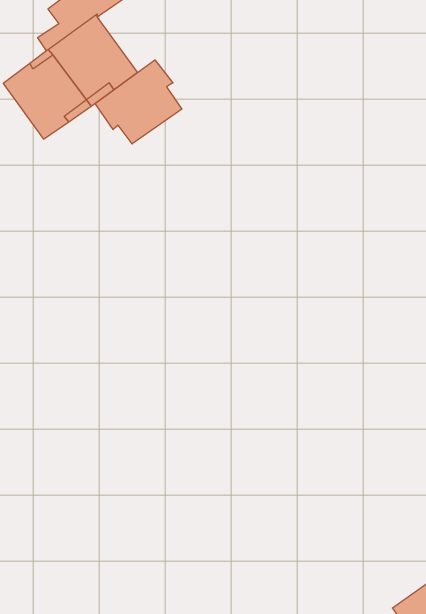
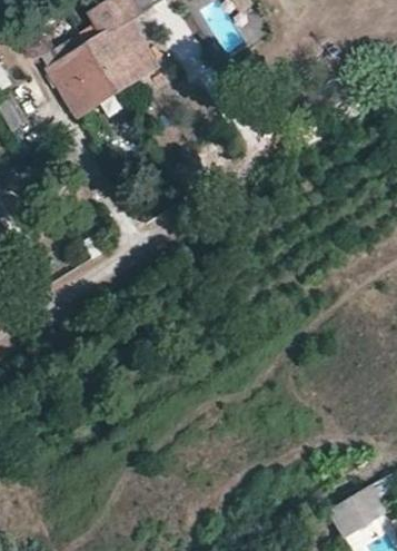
building: [95,60,182,144] -> none

